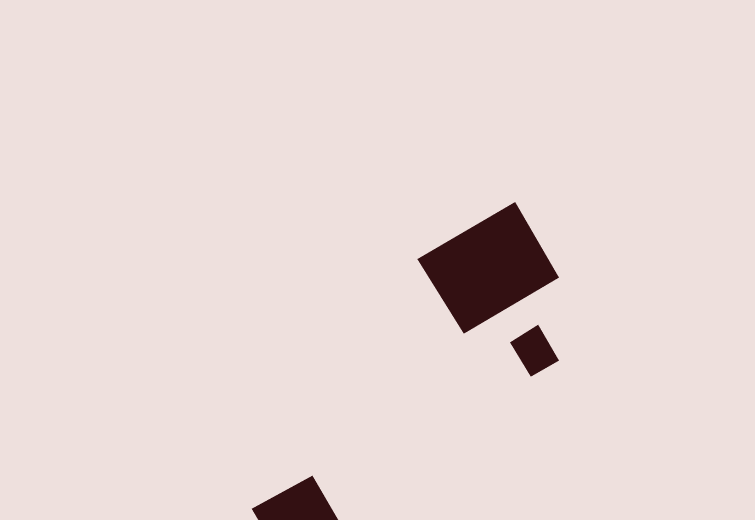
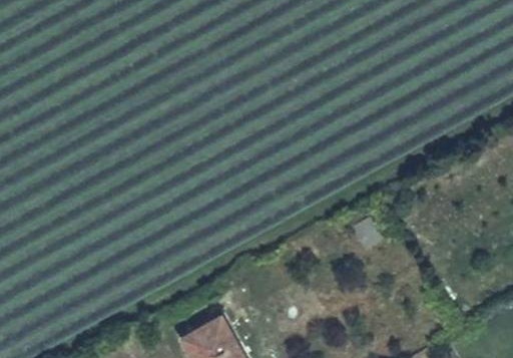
building: [416,201,560,335] -> none

